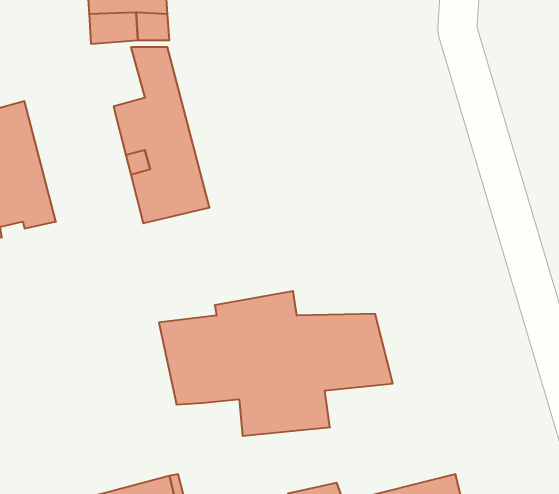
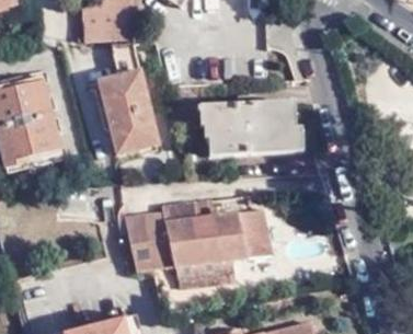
building: none -> [171,103,289,152]

